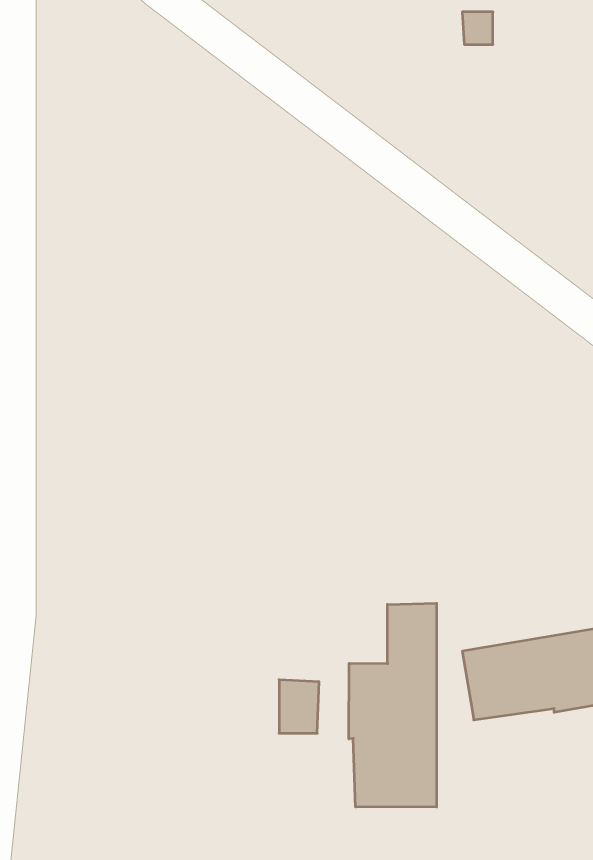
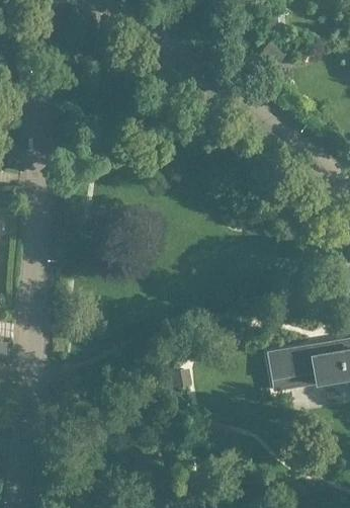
building: [349,603,437,807] -> none

